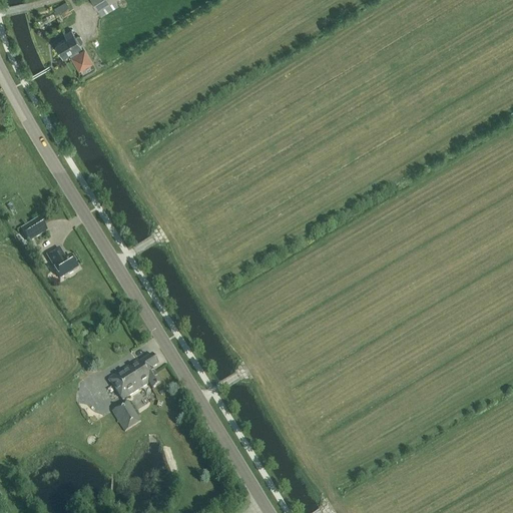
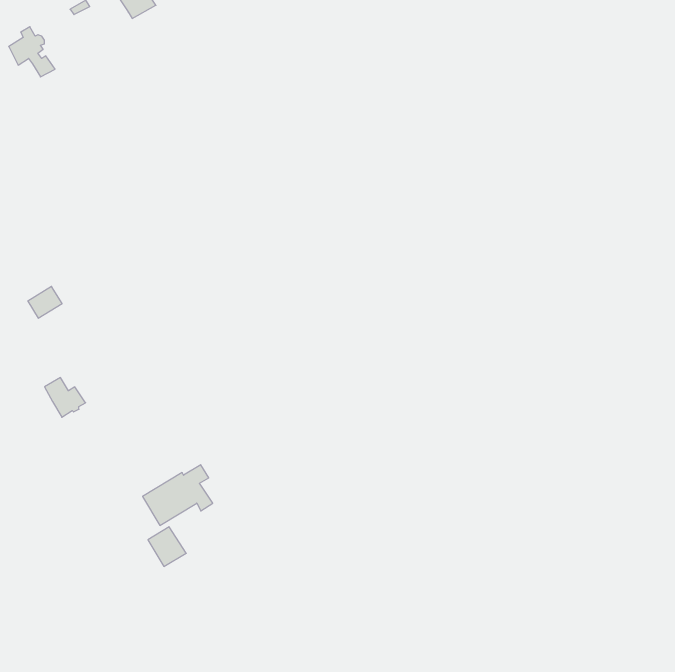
building: [55,28,90,66] -> [9,27,55,77]
building: [47,247,78,278] -> [45,378,86,417]

